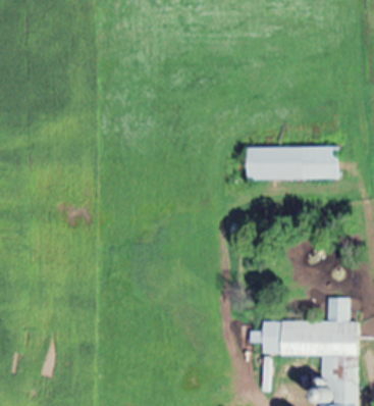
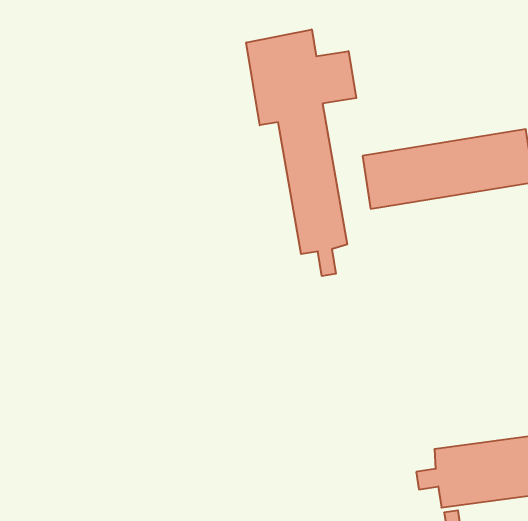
building: none -> [246,29,356,276]

